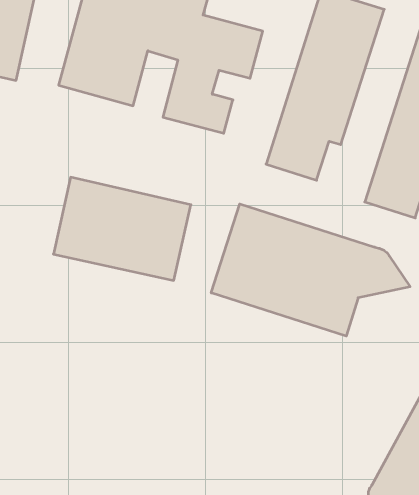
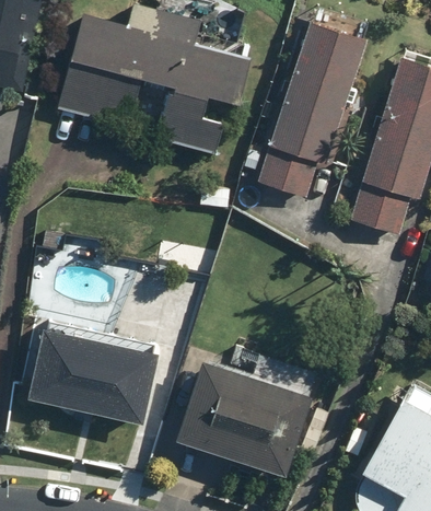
building: [53,177,191,280] -> [27,326,159,425]
building: [211,204,410,336] -> none
building: none -> [176,360,313,477]

